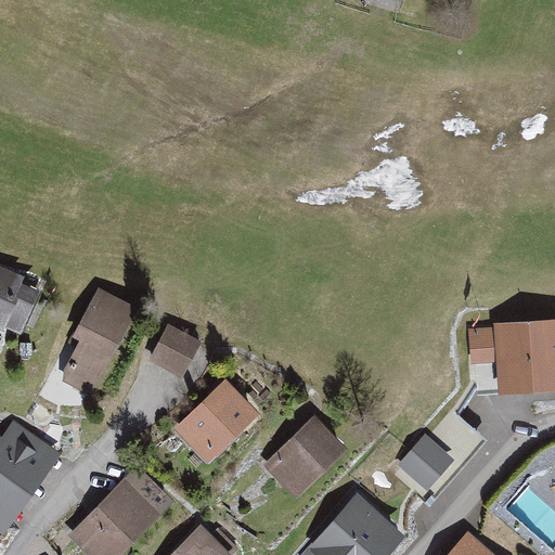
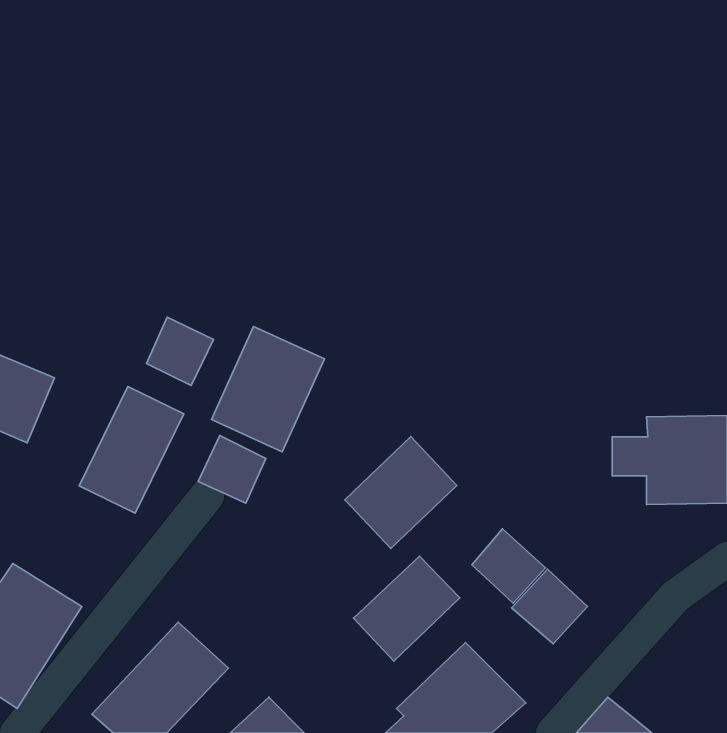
building: none -> [146,317,214,385]
building: none -> [211,326,325,452]
building: [176,383,260,467] -> [345,437,457,549]
building: none -> [472,529,546,603]

